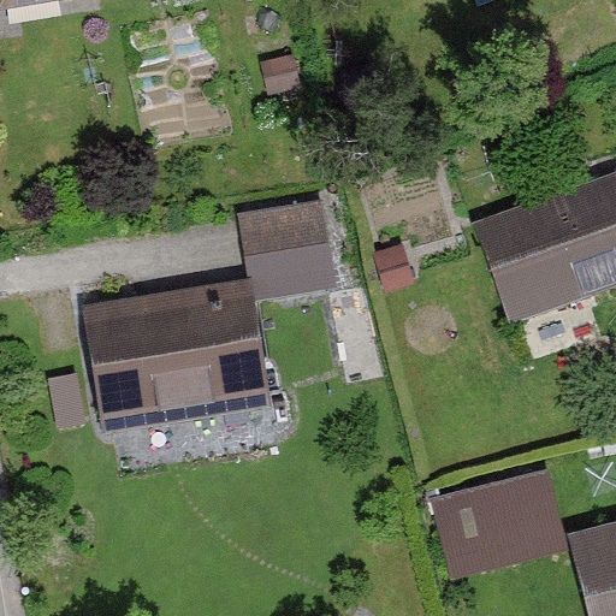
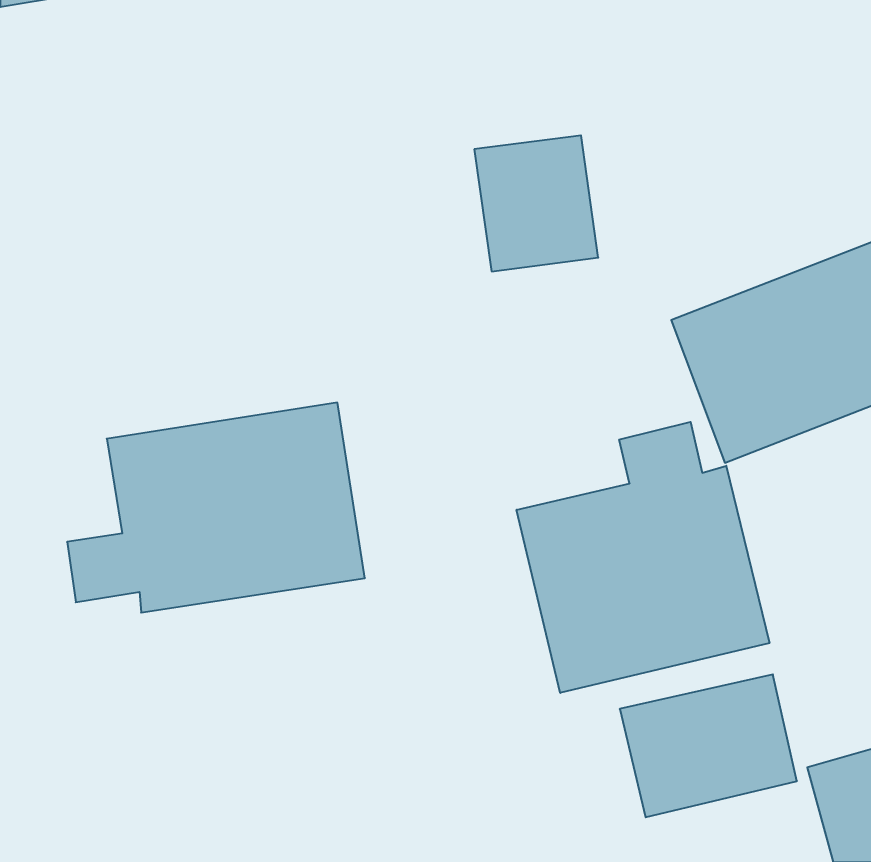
building: [244,202,331,297] -> [474,135,598,271]
building: none -> [517,422,769,693]

